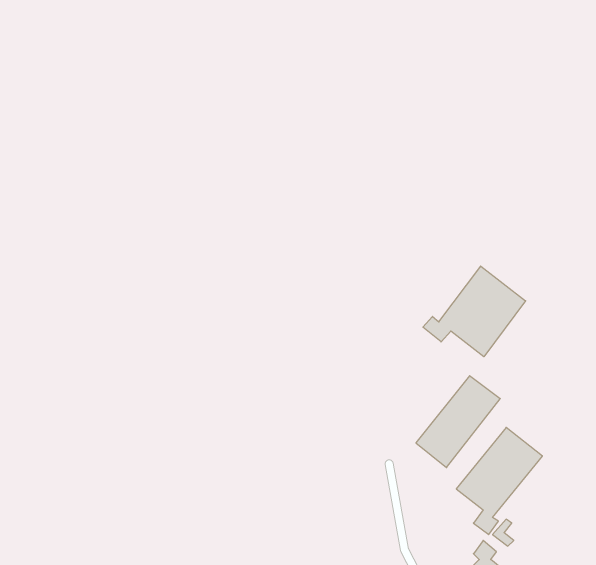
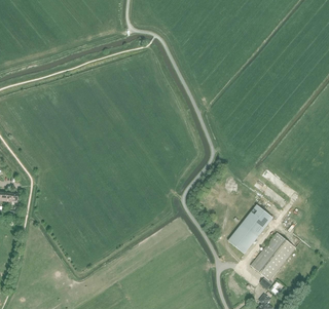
building: [423,266,526,357] -> none

